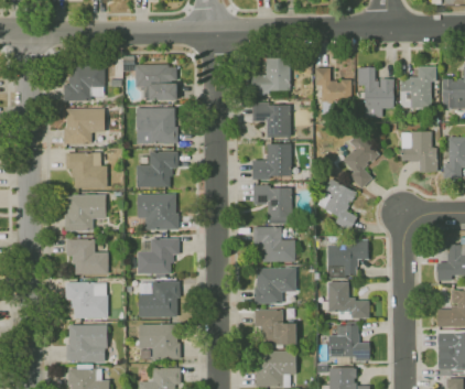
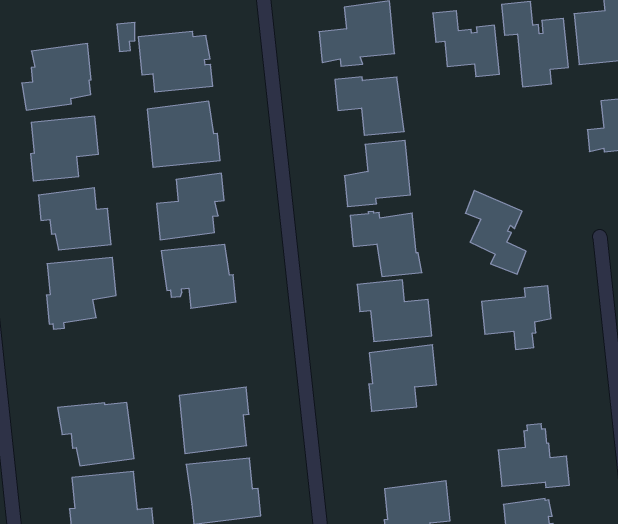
building: [342,131,379,187] -> none
building: [137,238,179,277] -> none
building: [66,239,108,274] -> none
building: [326,281,368,317] -> none
building: [253,309,295,344] -> none

